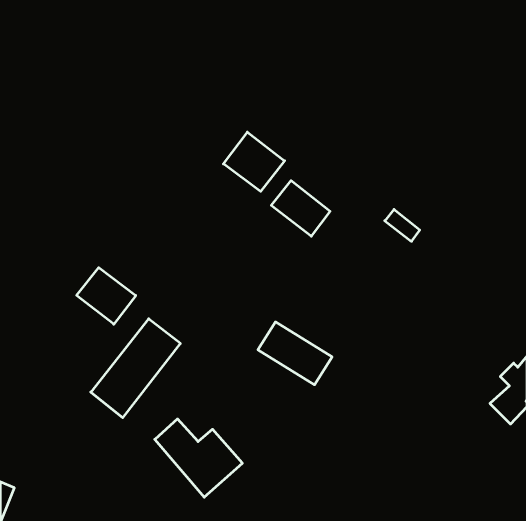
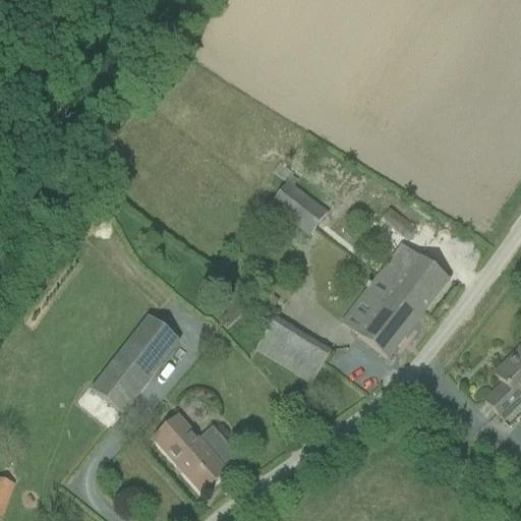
building: [223,132,285,191] -> none
building: none -> [354,253,449,357]
building: [77,268,136,324] -> none

